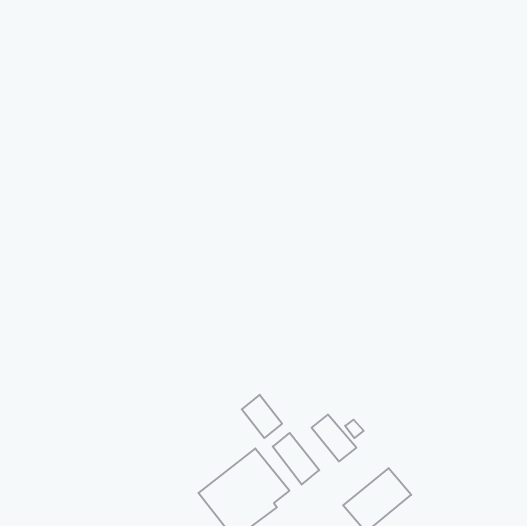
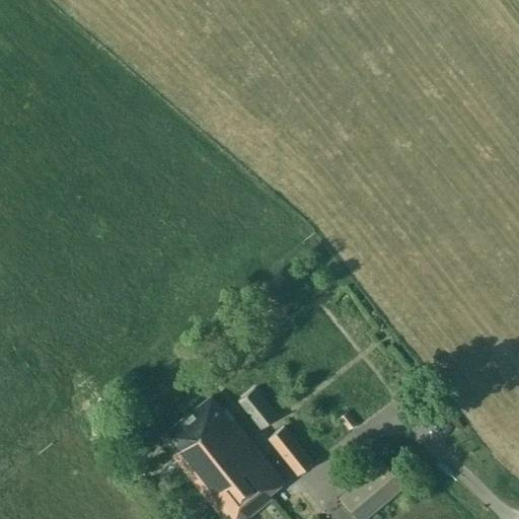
building: none -> [162,397,251,486]
building: [312,415,356,461] -> none

